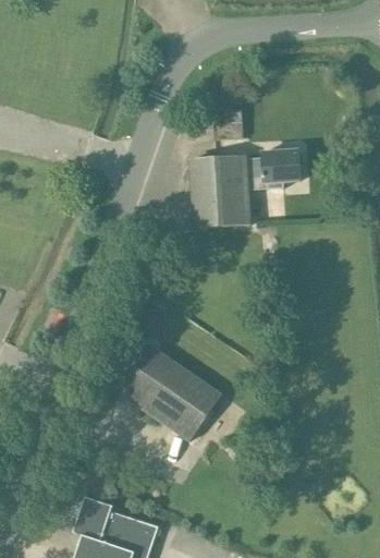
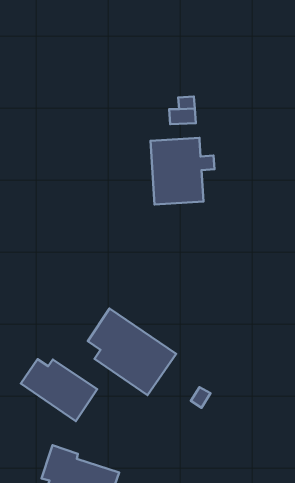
building: [247,150,299,190] -> none
building: none -> [21,359,97,421]

